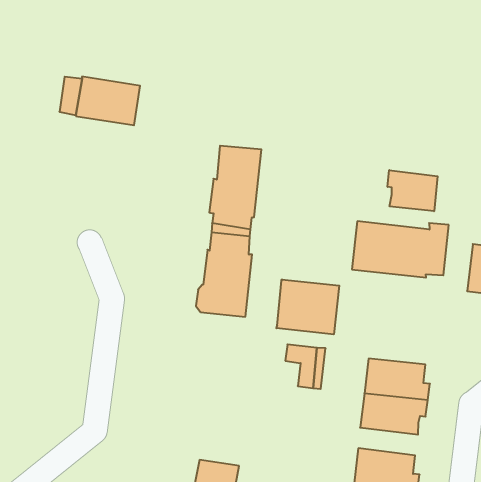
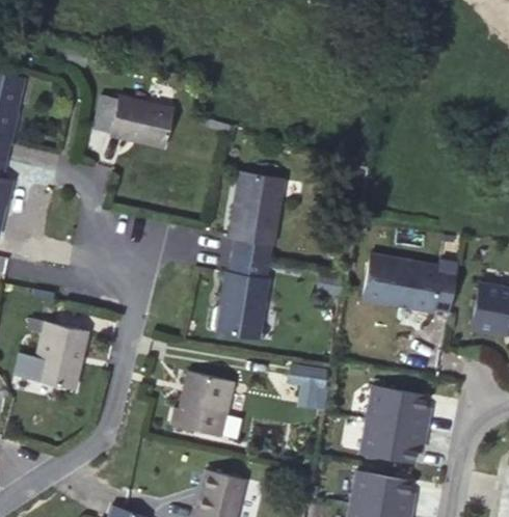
building: [388,170,438,211] -> none
building: [276,279,339,334] -> none
building: none -> [32,321,87,389]
building: none -> [169,371,234,436]

